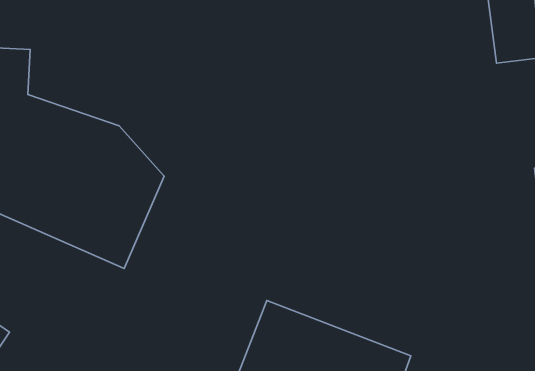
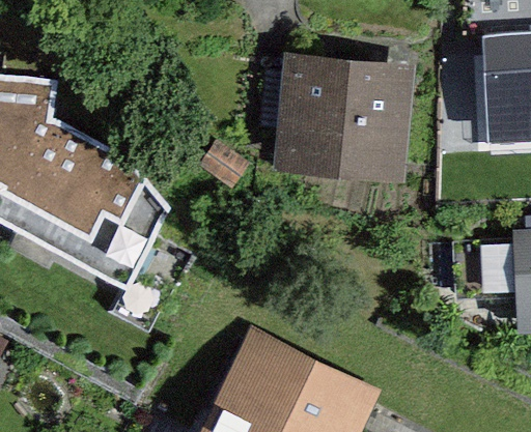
building: none -> [269,61,403,173]

